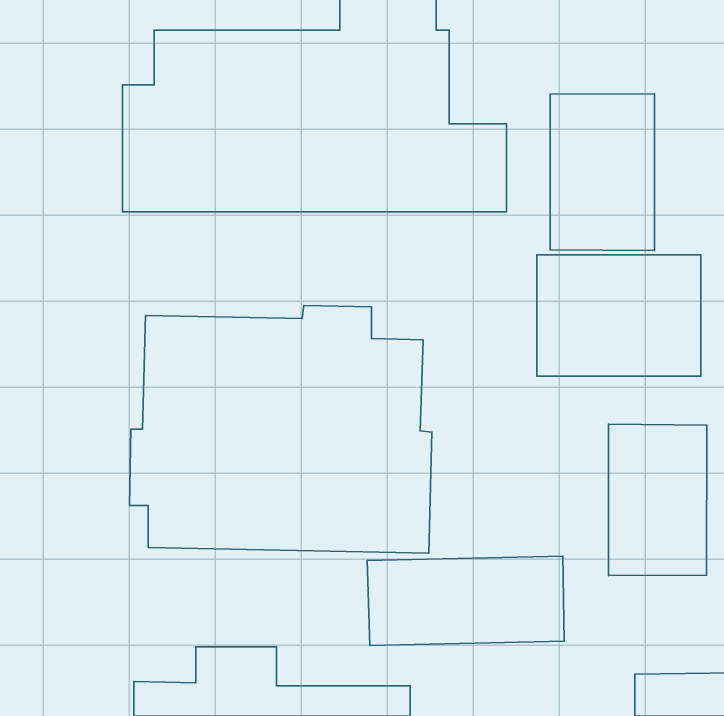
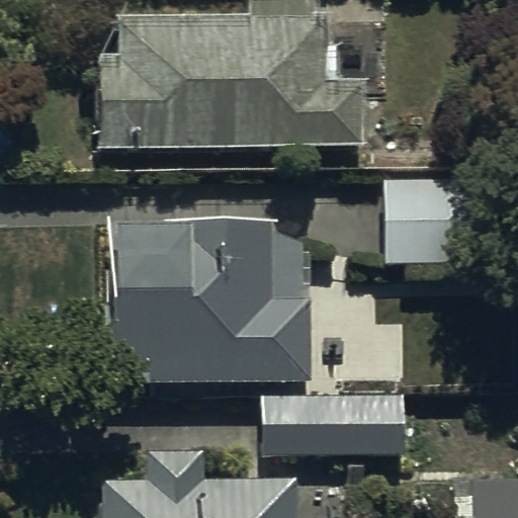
building: [550,94,655,251] -> none
building: [608,424,707,576] -> none

